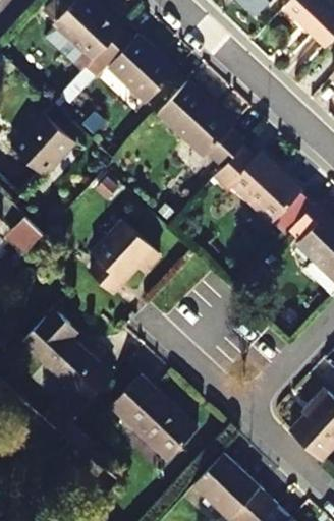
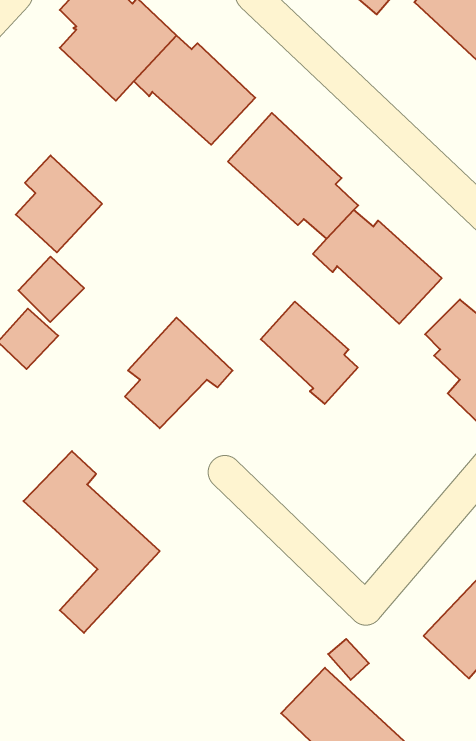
building: none -> [18,257,84,322]
building: none -> [261,302,358,404]
building: [110,375,197,462] -> none

